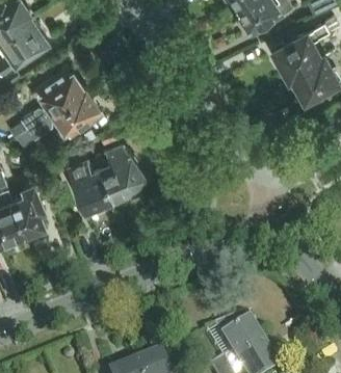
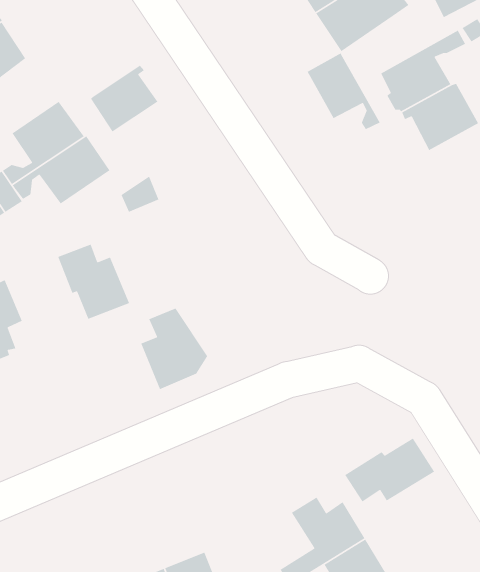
building: none -> [306,52,381,130]
building: none -> [90,65,158,133]
building: [103,142,147,195] -> [140,308,208,390]
building: none -> [344,437,435,503]

